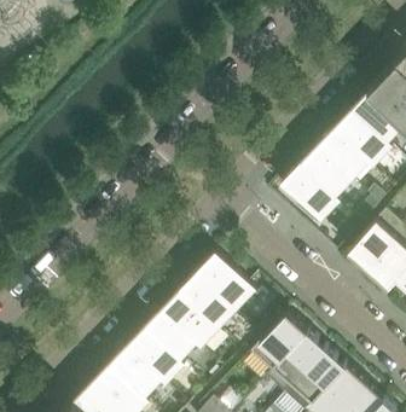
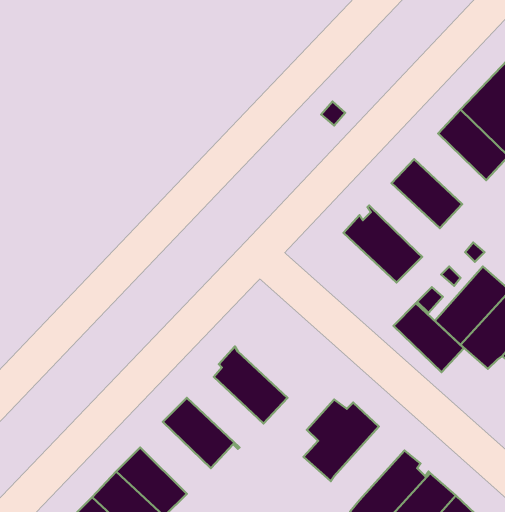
building: [332,111,390,168] -> none
building: [298,149,352,201] -> [393,303,464,372]
building: [199,254,255,311] -> none
building: [161,291,219,348] -> none
building: [126,329,182,387] -> none
building: [272,332,325,388] -> none

